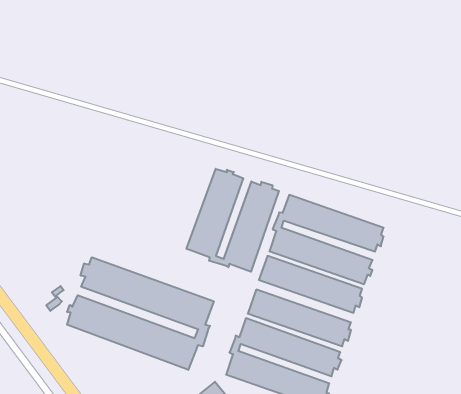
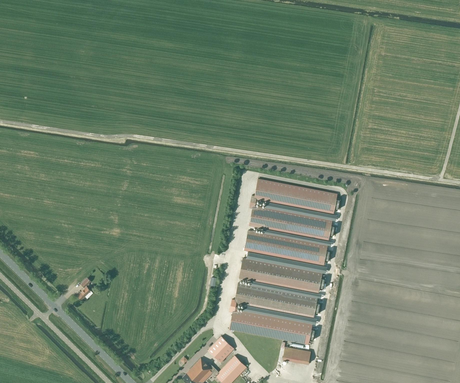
building: [187,169,279,272] -> none
building: [67,257,214,370] -> none

